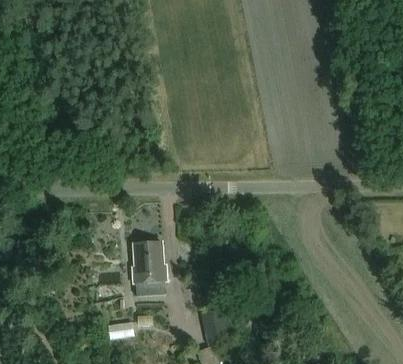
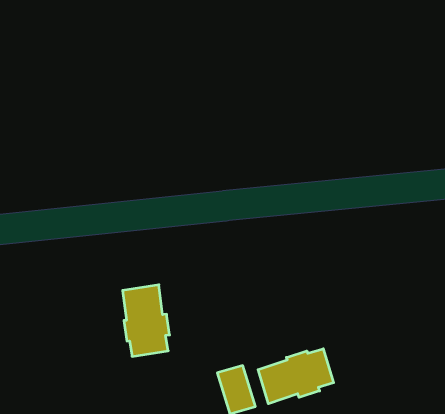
building: none -> [258,349,334,404]

